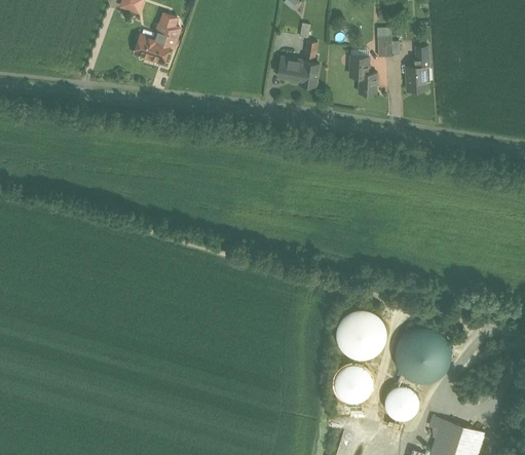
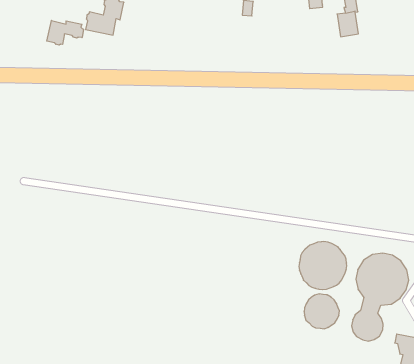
building: none -> [47,20,84,45]
building: [349,56,376,93] -> none
building: [278,58,318,86] -> none

